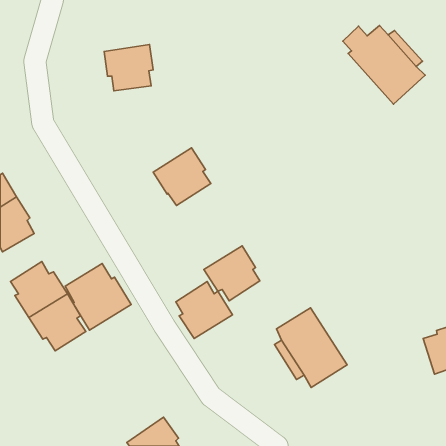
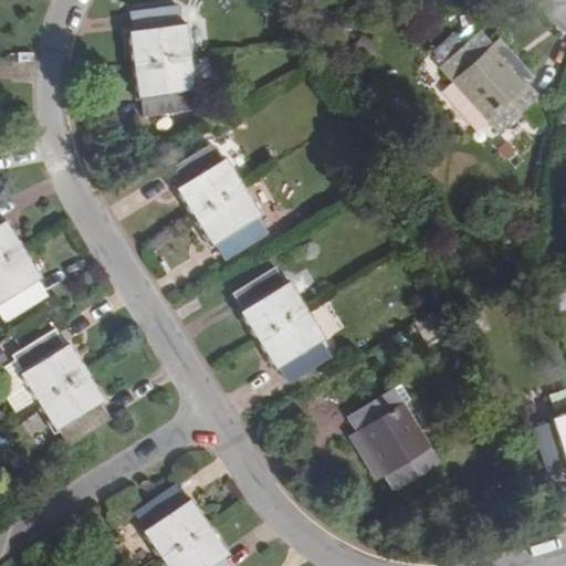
building: none -> [128,7,190,65]
building: none -> [170,145,243,218]
building: [65,264,131,330] -> none
building: [176,282,233,338] -> [235,269,307,340]
building: none -> [137,488,208,559]

